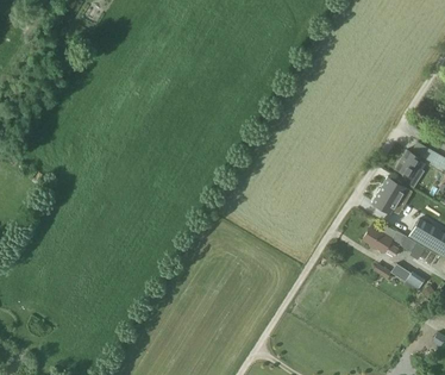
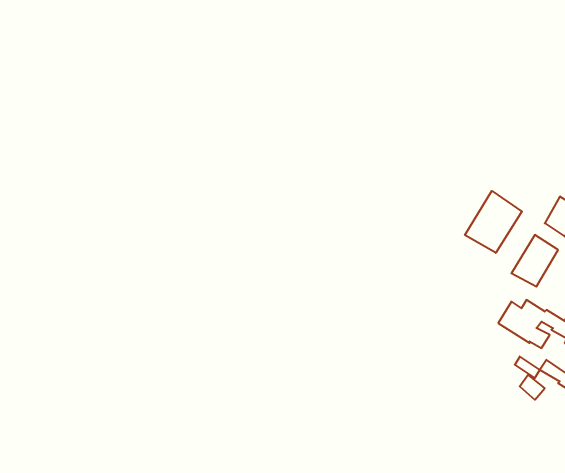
building: none -> [465,191,522,253]

